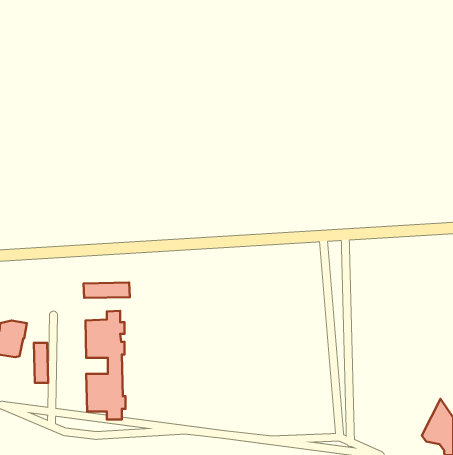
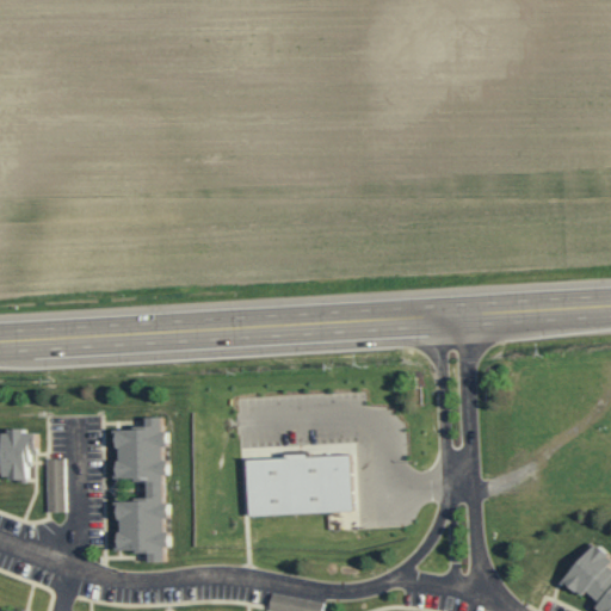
building: [84,283,130,298] -> none
building: none -> [245,453,351,516]

